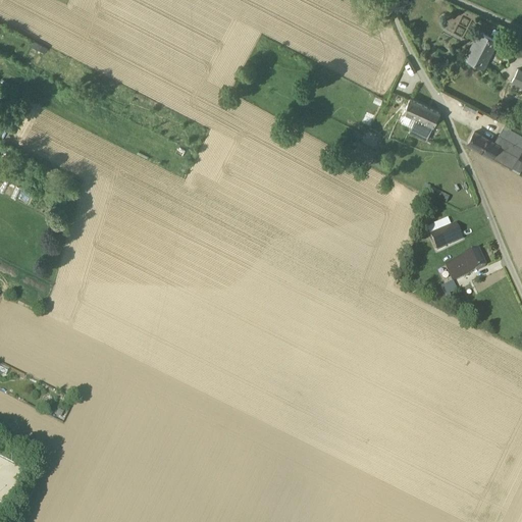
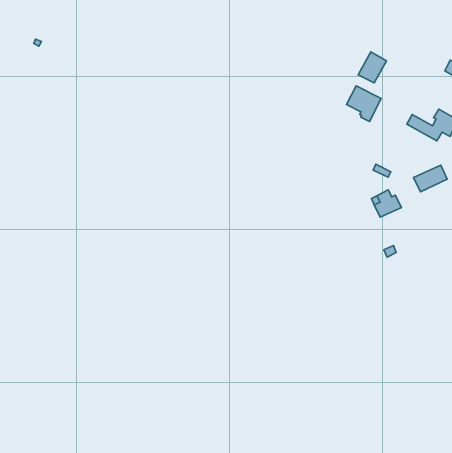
building: [466,32,499,67] -> [358,52,387,83]
building: [448,250,486,280] -> [413,165,447,192]

